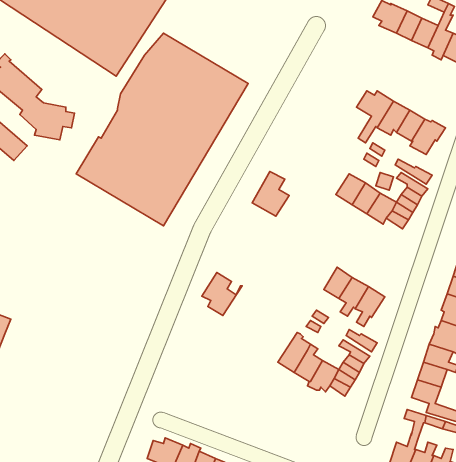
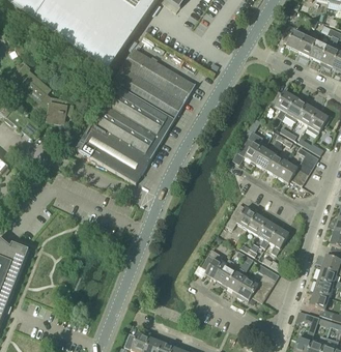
building: [252,172,289,216] -> [239,130,265,162]
building: none -> [227,203,257,228]
building: [202,272,242,315] -> [201,248,229,278]

